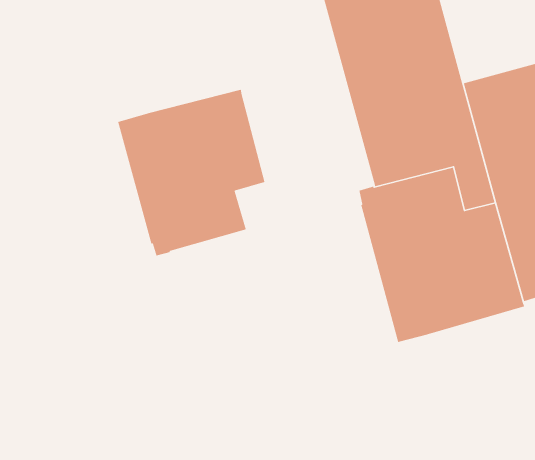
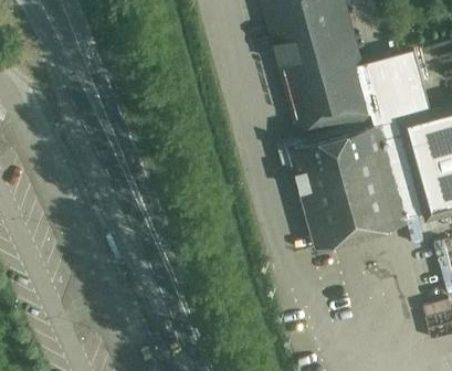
building: [117,89,265,256] -> none

